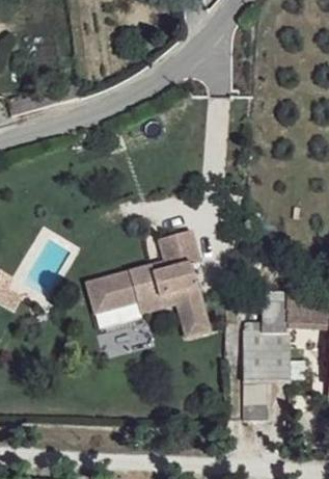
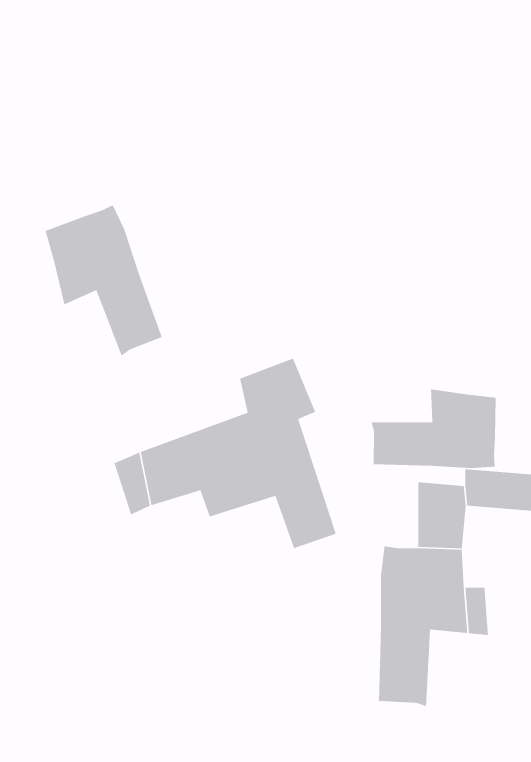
building: none -> [45,204,163,357]
building: none -> [371,388,497,469]

